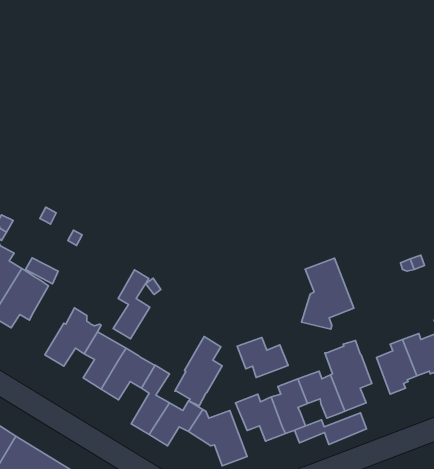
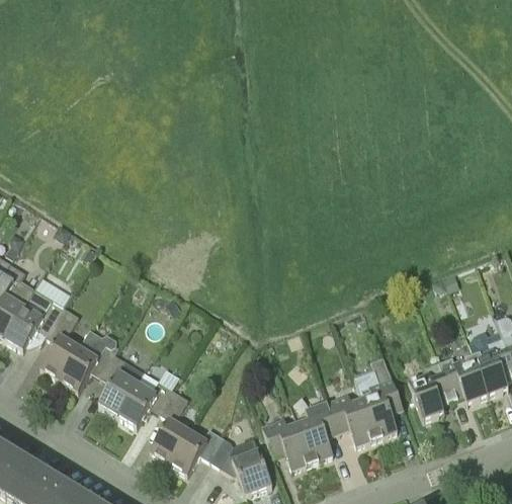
building: [301,258,354,329] -> none
building: [113,270,150,339] -> [39,306,78,379]
building: [175,337,222,406] -> none
building: [237,337,288,378] -> none
building: [294,413,366,444] -> none

